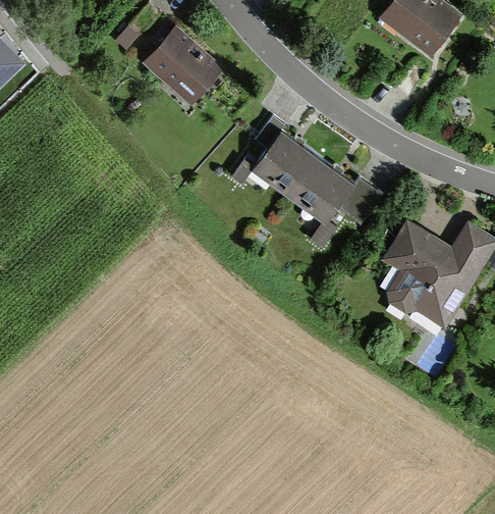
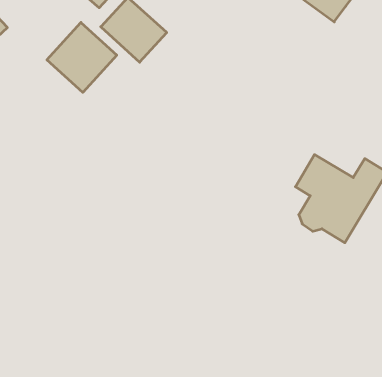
building: none -> [47,22,117,92]
building: [232,117,382,249] -> none

